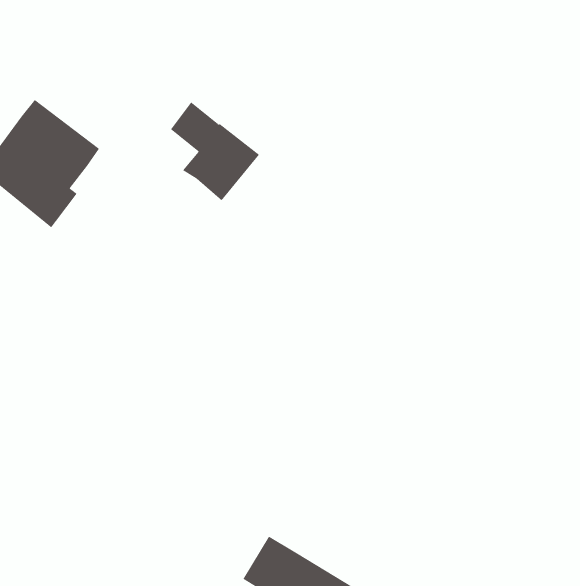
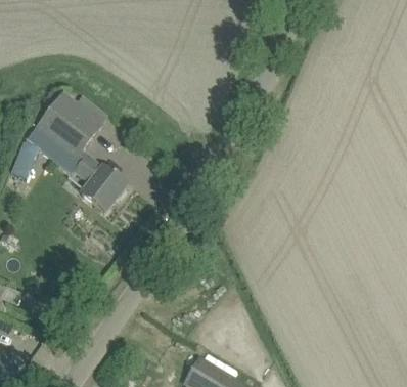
building: [170,102,260,201] -> [74,152,127,211]

